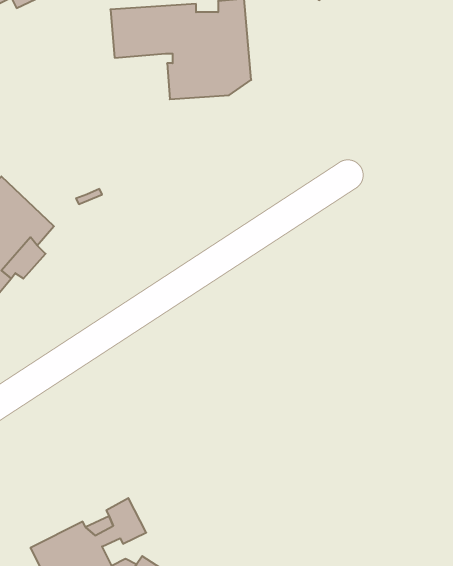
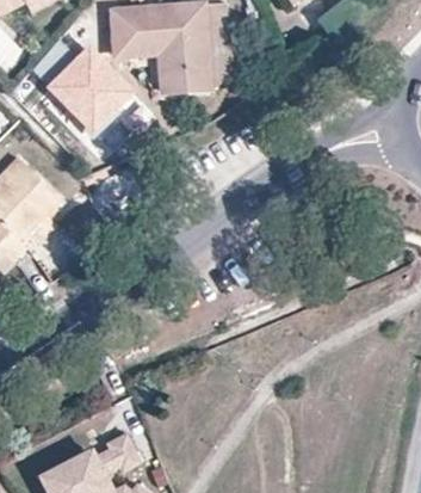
building: none -> [43,45,132,134]

